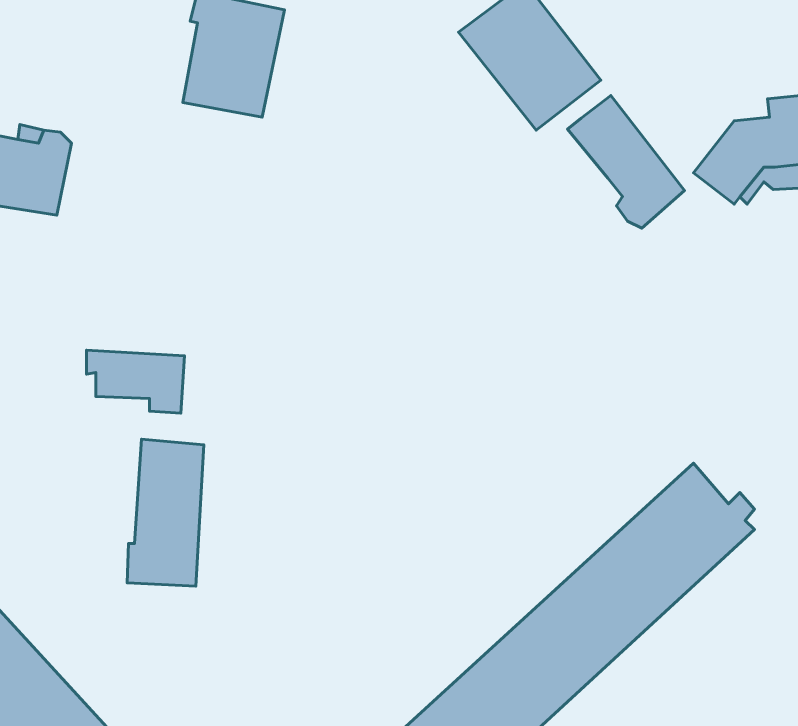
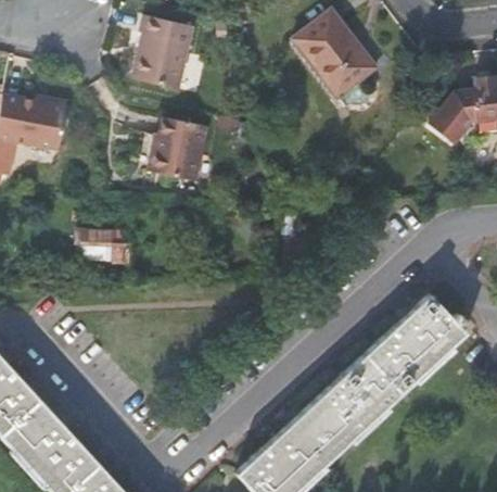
building: [567,96,684,228] -> none
building: none -> [152,117,207,180]
building: [127,439,204,586] -> none

